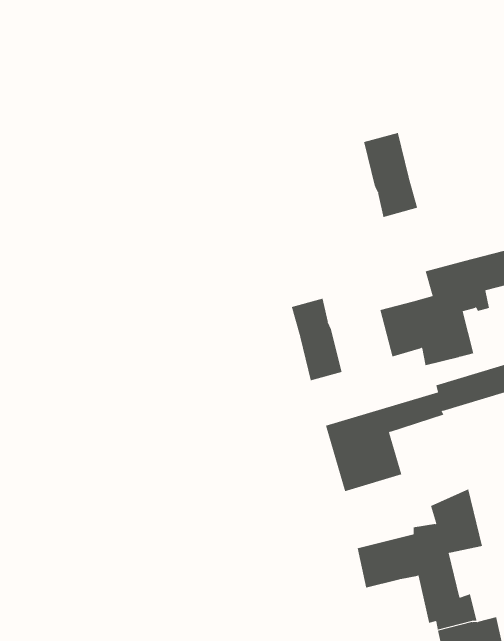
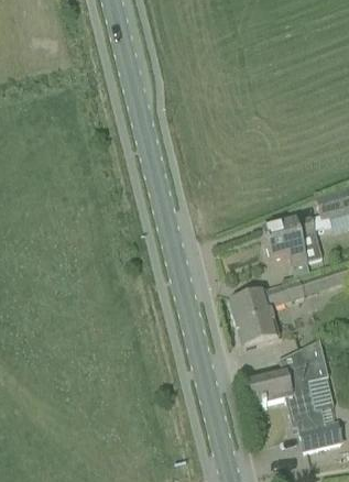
building: [364,132,418,218] -> none
building: [291,298,342,381] -> none

